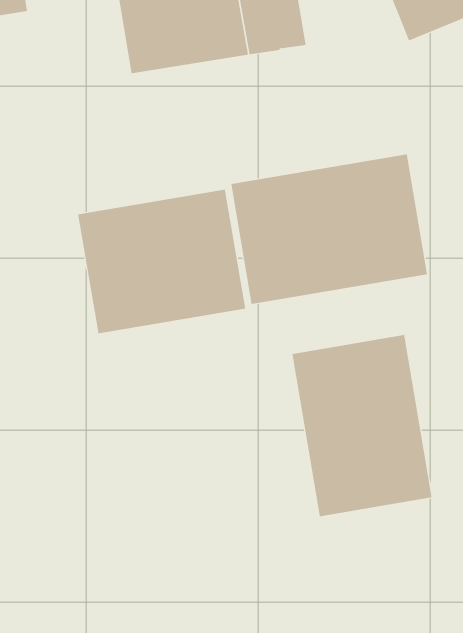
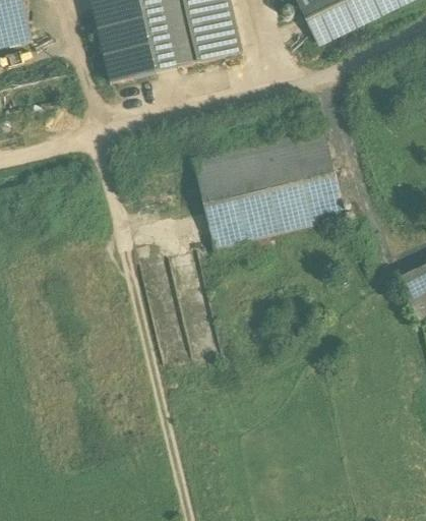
building: [78,189,246,334] -> none
building: [292,334,432,517] -> none

